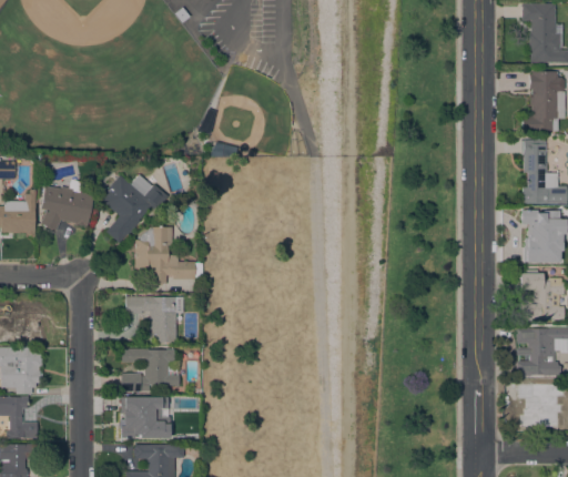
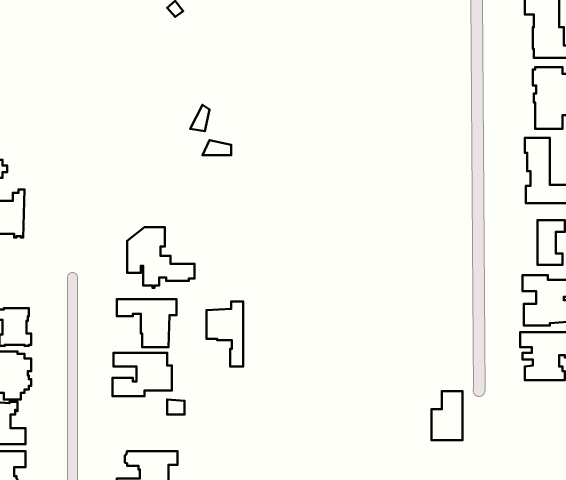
building: [100,174,168,243] -> none
building: [40,185,94,231] -> none
building: none -> [207,301,243,367]
building: [525,380,555,428] -> [432,391,462,440]
building: [123,402,163,439] -> none

